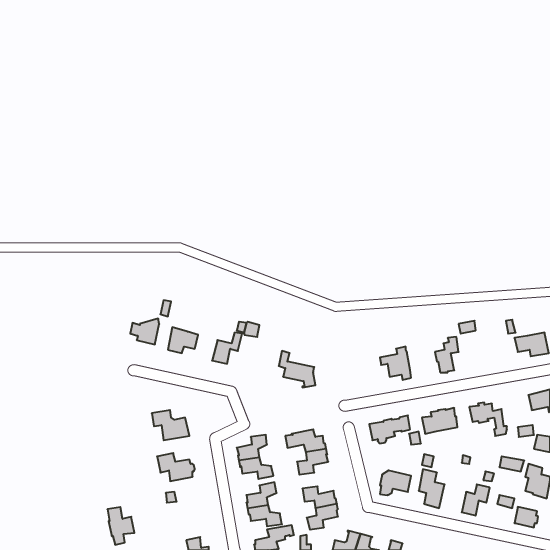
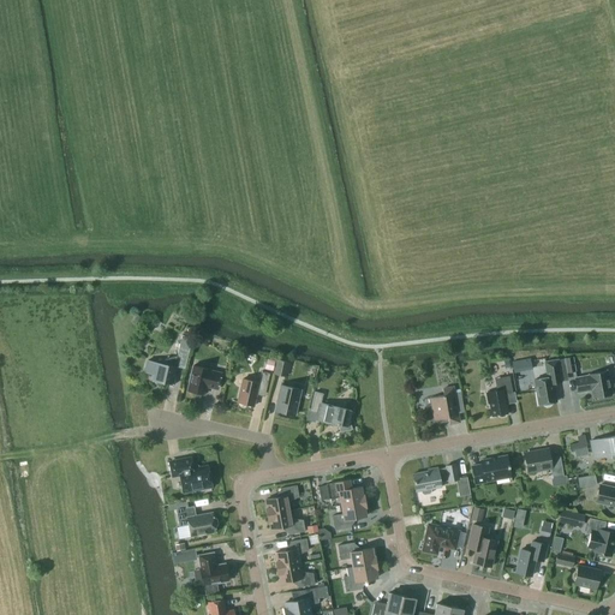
building: none -> [535,360,561,406]
building: none -> [275,386,299,416]
building: [107,507,134,545] -> [198,553,228,595]

